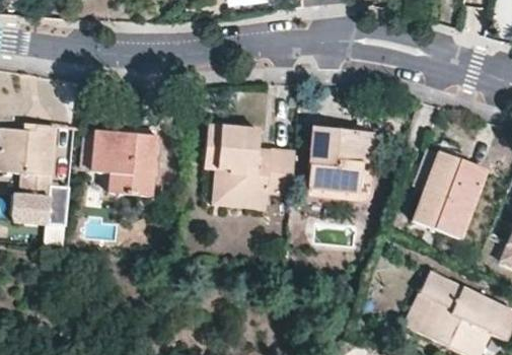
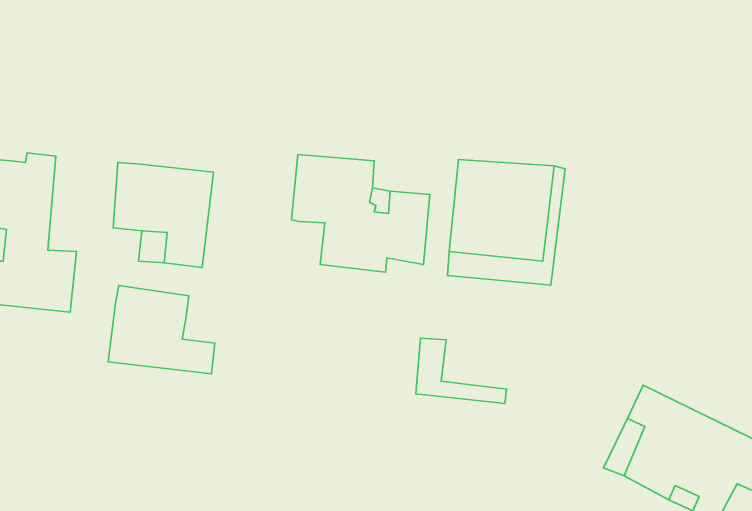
building: [413,152,486,238] -> none
building: [208,168,266,210] -> [416,338,507,403]
building: none -> [108,285,215,374]

